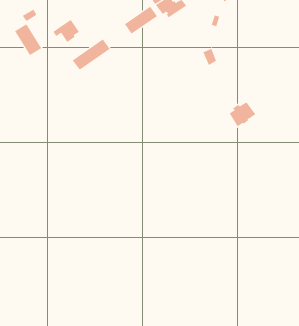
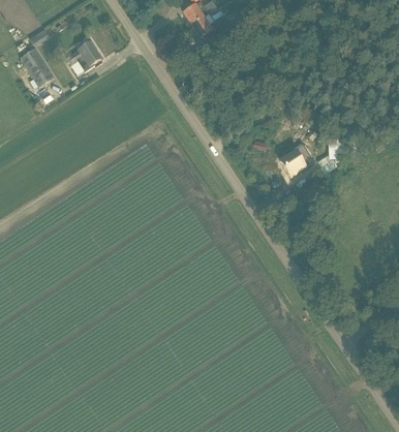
building: [124,6,158,34] -> none
building: [72,39,111,71] -> none

